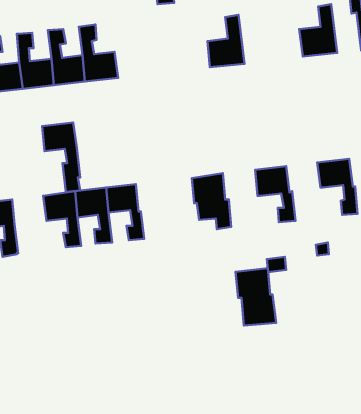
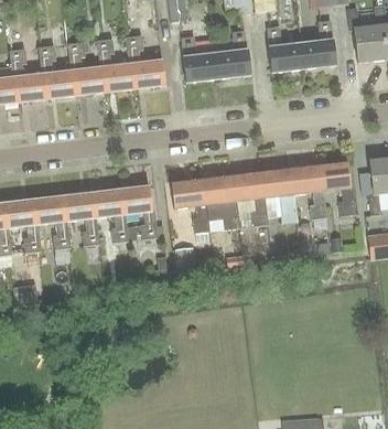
building: none -> [266,25,303,71]
building: none -> [126,34,164,87]
building: none -> [181,35,217,82]
building: [42,123,80,192] -> [34,196,69,260]
building: none -> [288,165,325,217]
building: none -> [171,180,208,230]
building: [236,268,276,325] -> [229,172,267,225]

